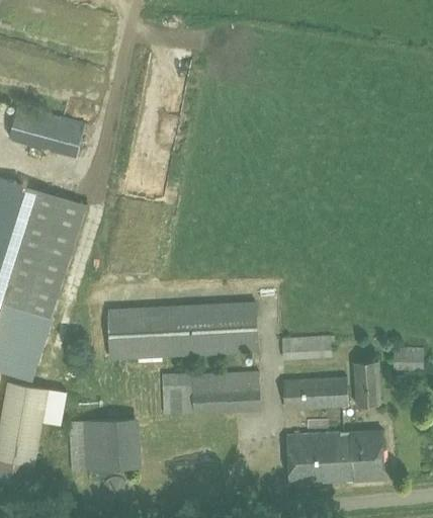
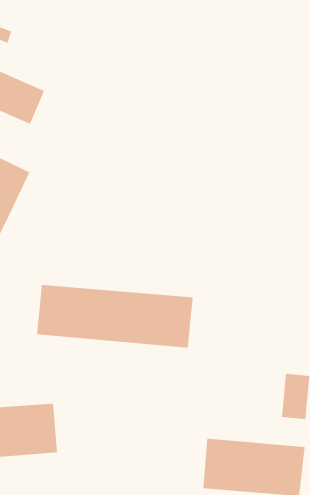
building: [281,336,332,360] -> none
building: [157,371,260,416] -> none
building: [283,377,347,409] -> none

